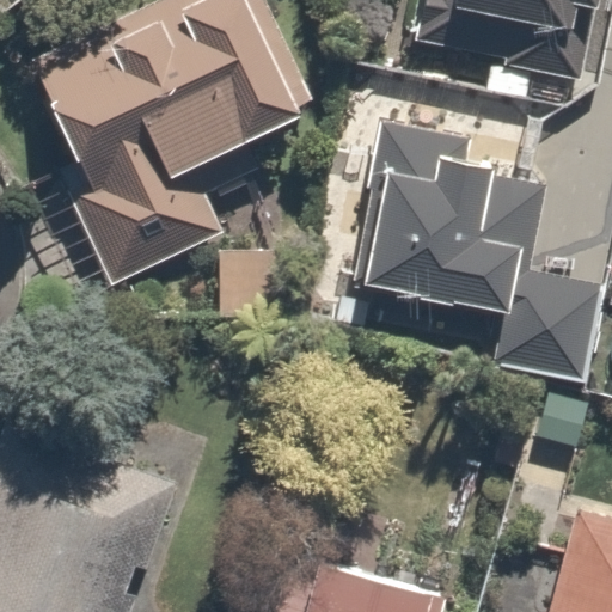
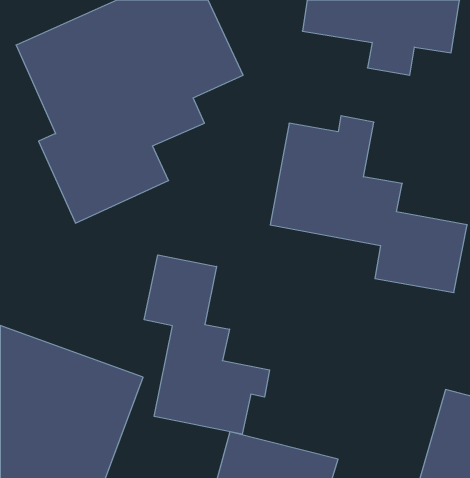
building: none -> [144,255,270,434]

